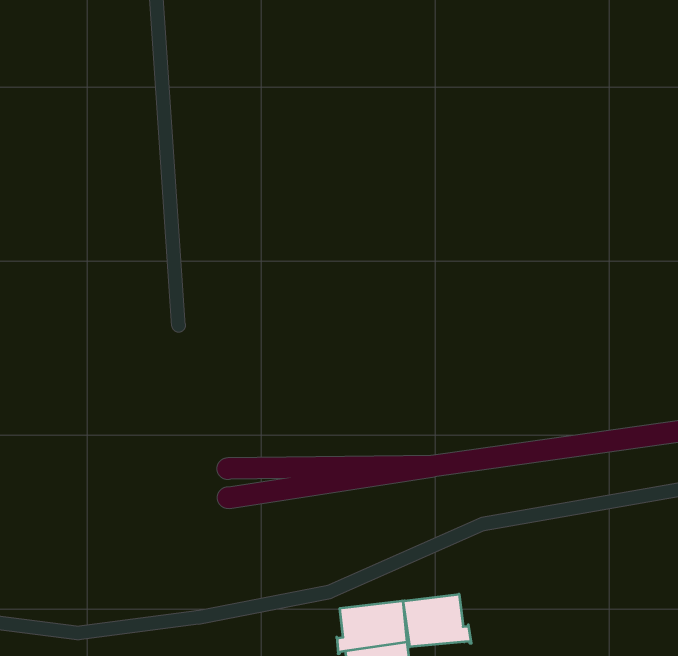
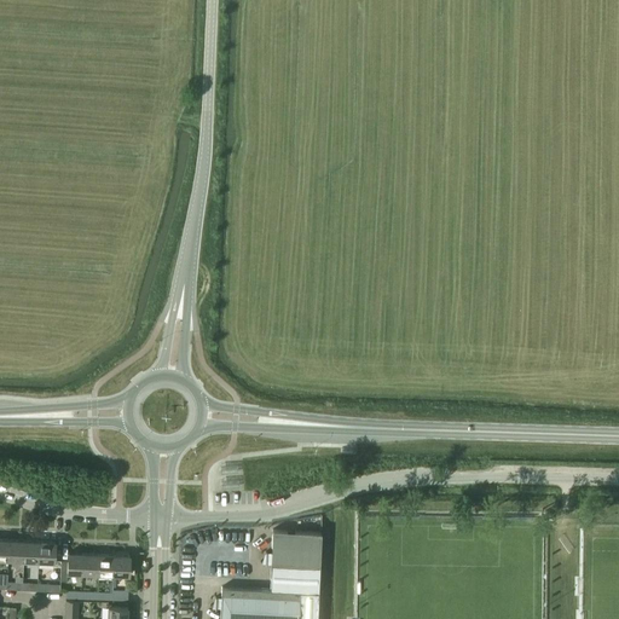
building: [403,594,471,647] -> none

